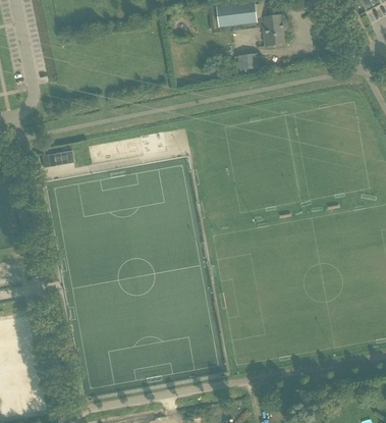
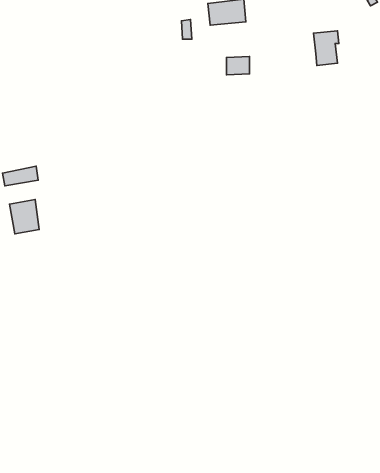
building: [262,15,284,46] -> [313,31,339,66]
building: none -> [10,200,39,234]

